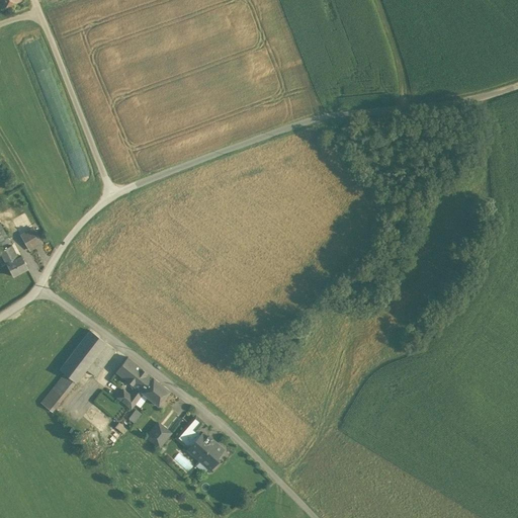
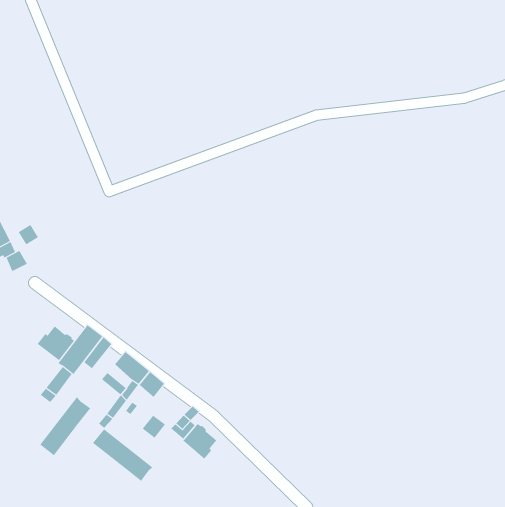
building: none -> [37,325,74,361]
building: none -> [40,397,91,456]
building: none -> [92,429,153,482]

